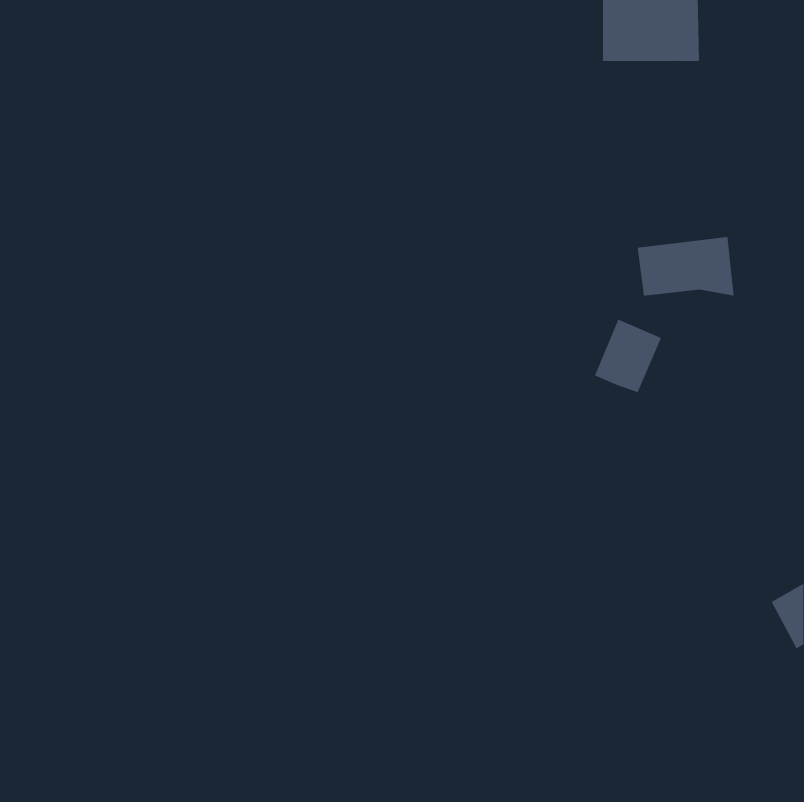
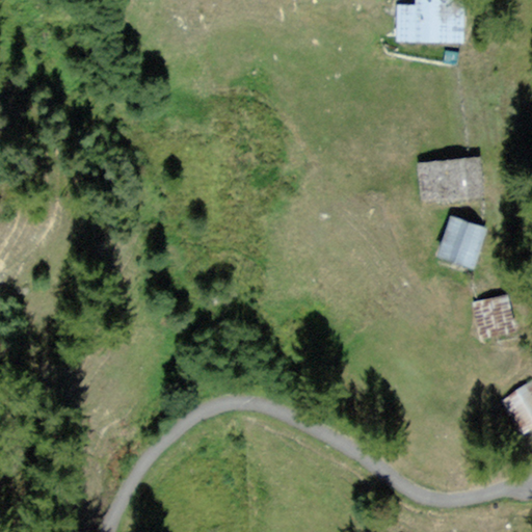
building: [594,319,662,393] -> [438,219,483,268]
building: none -> [476,296,512,336]

